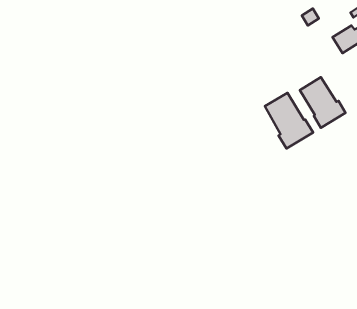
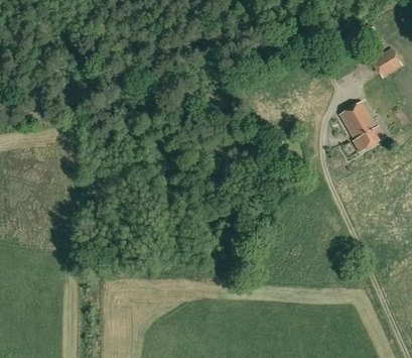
building: [265,93,313,148] -> none

